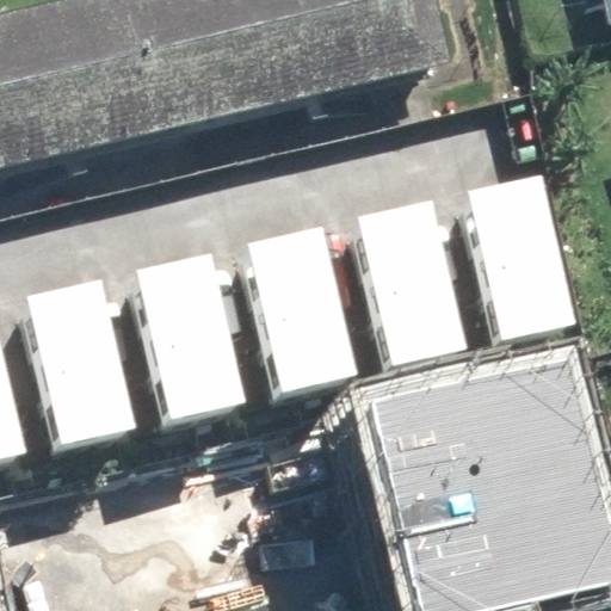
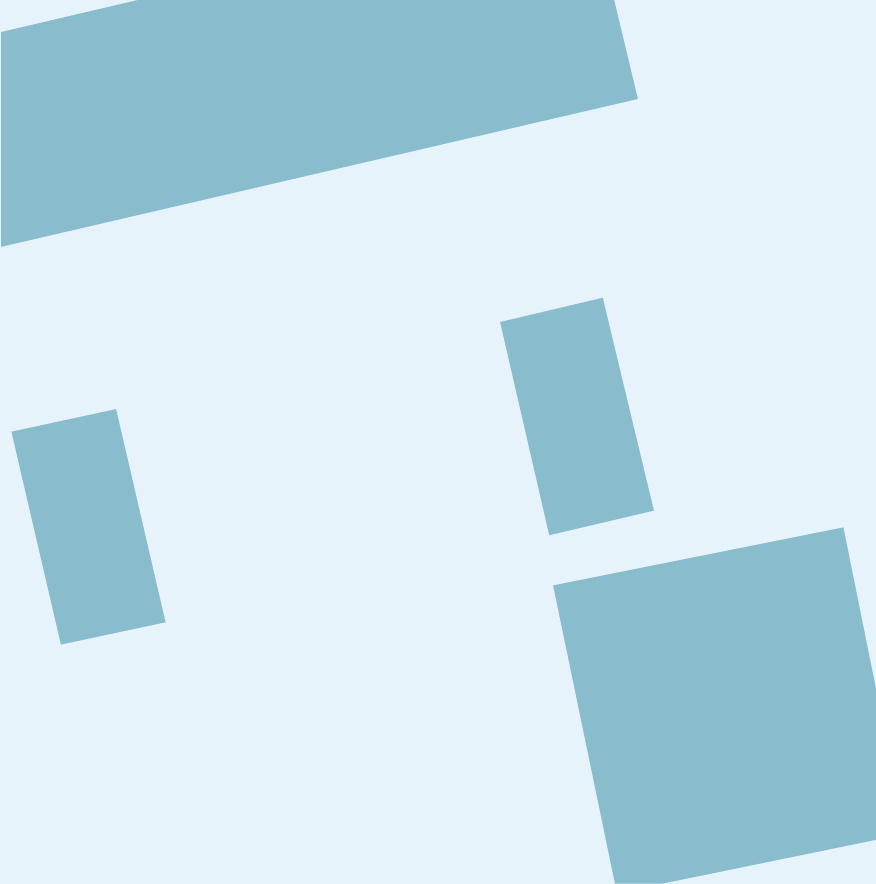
building: [468,183,572,344] -> none
building: [247,226,351,387] -> none
building: [137,252,241,413] -> none

